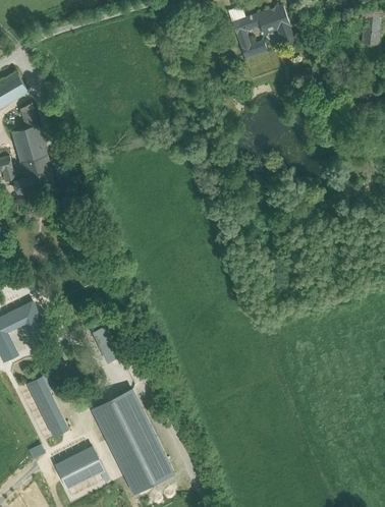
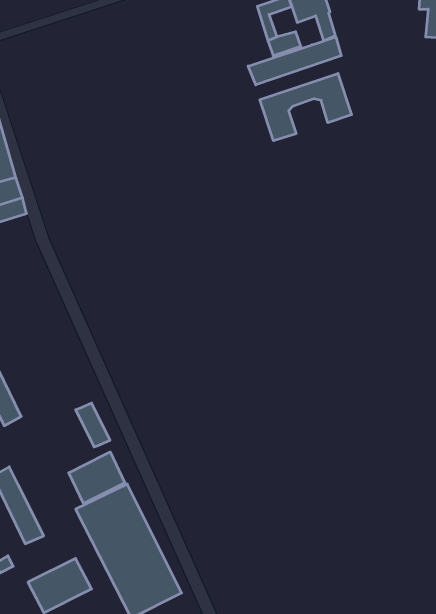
building: none -> [248,37,341,85]
building: none -> [260,73,352,141]
building: none -> [69,452,125,503]

